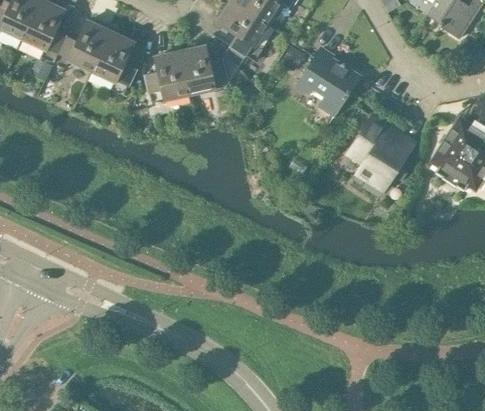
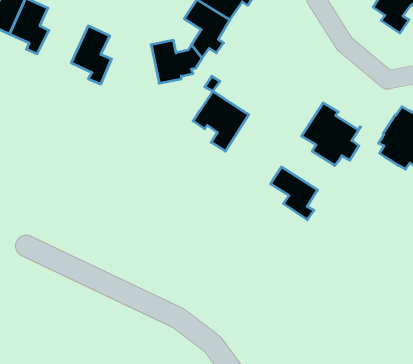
building: [53,20,110,71] -> none
building: [298,50,360,117] -> [193,91,249,151]
building: [144,51,189,101] -> none
building: none -> [271,167,318,220]

